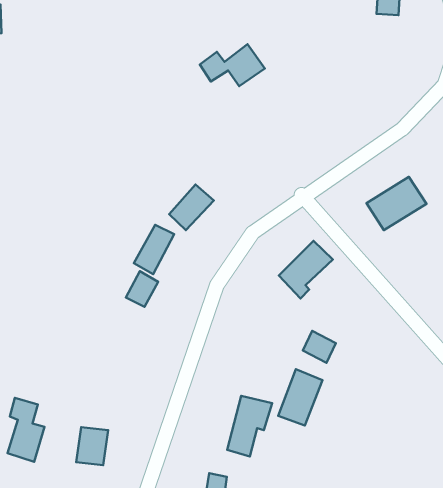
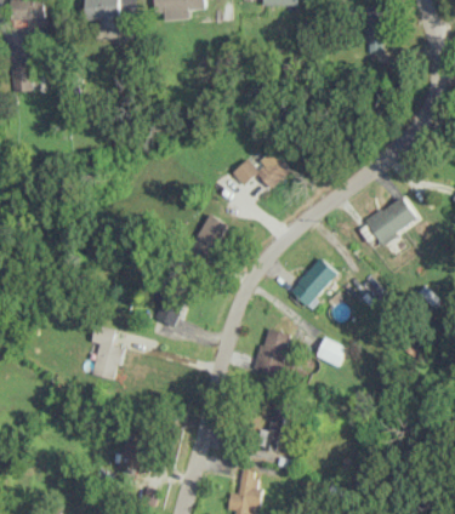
building: [200,44,265,86] -> [234,152,292,189]
building: [134,225,174,274] -> none
building: [278,369,323,426] -> [254,327,291,377]
building: [7,398,45,462] -> [91,325,123,381]

